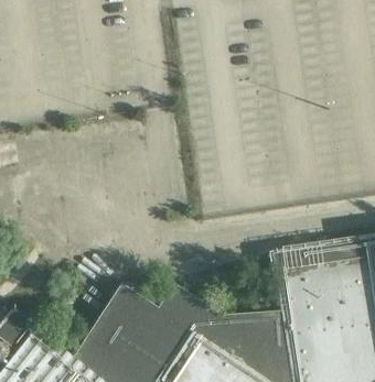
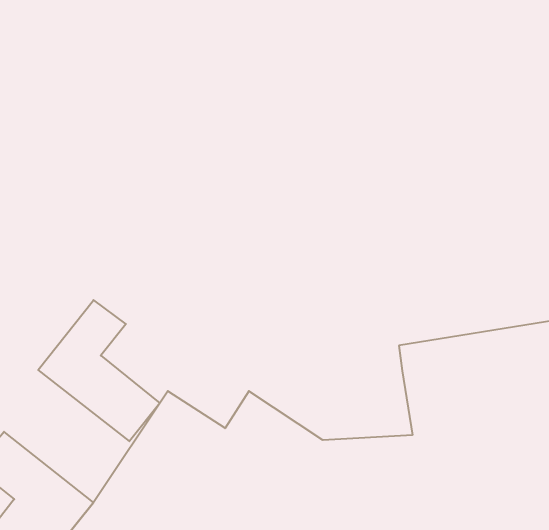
building: none -> [38,300,160,441]

